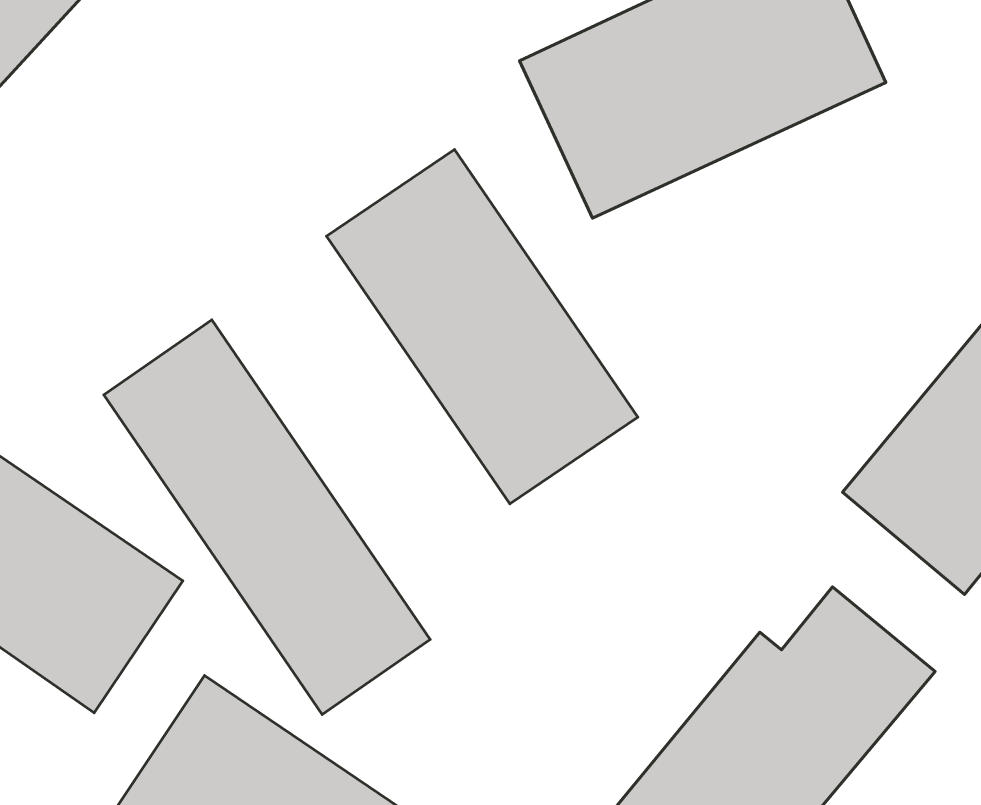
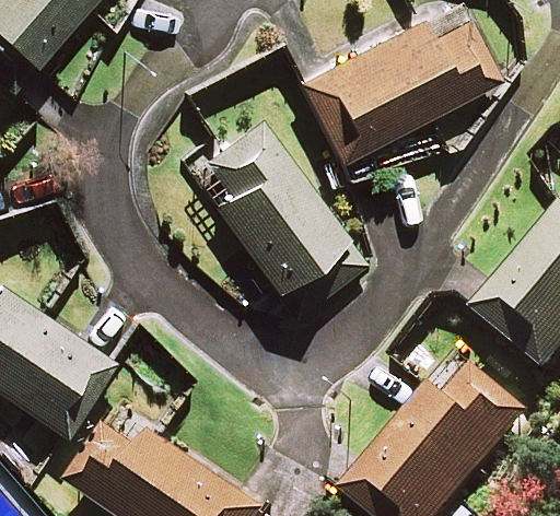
building: [104,320,430,714] -> none

